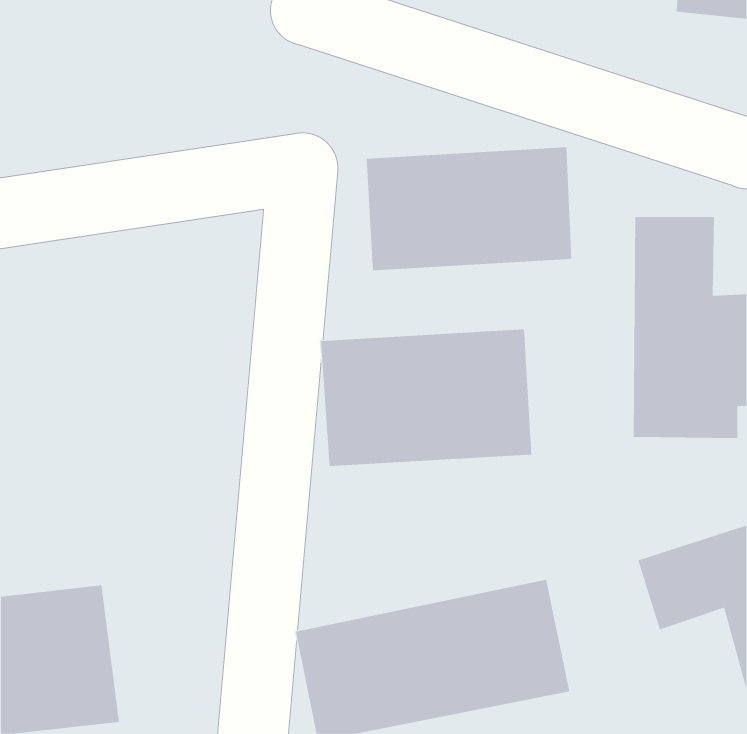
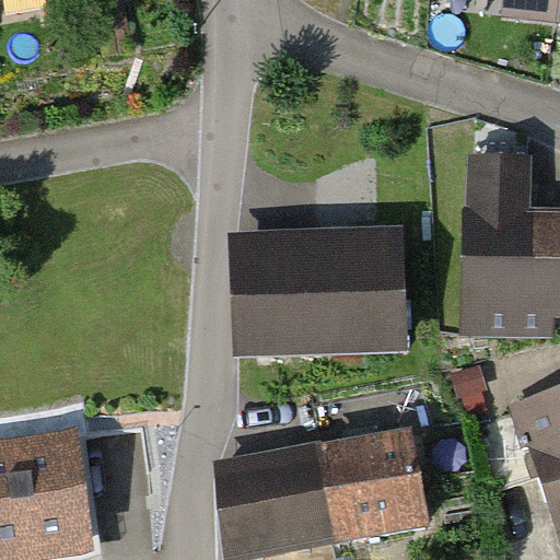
building: [366,146,572,271] -> none

